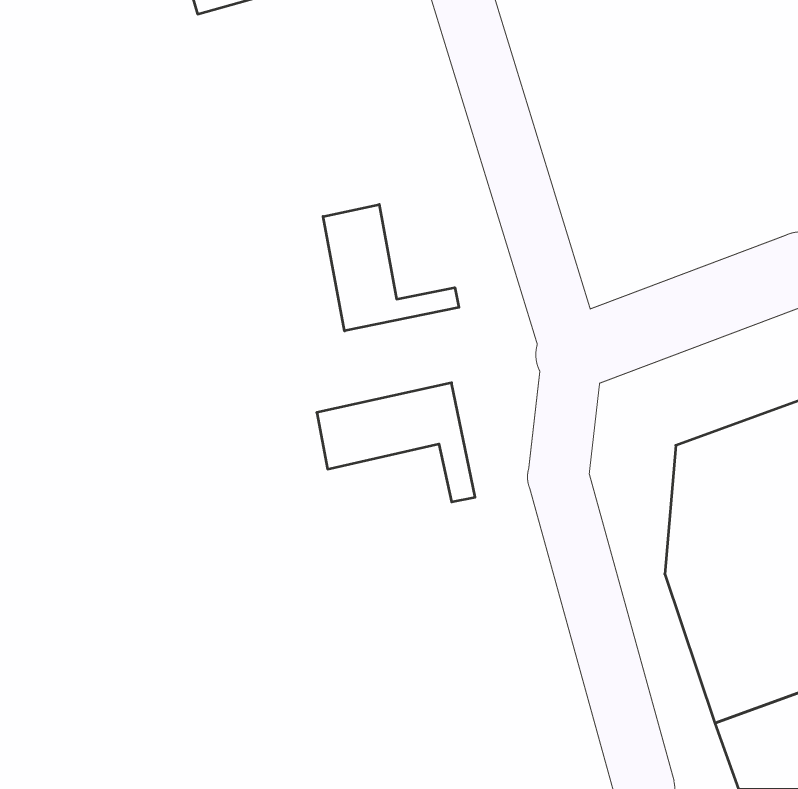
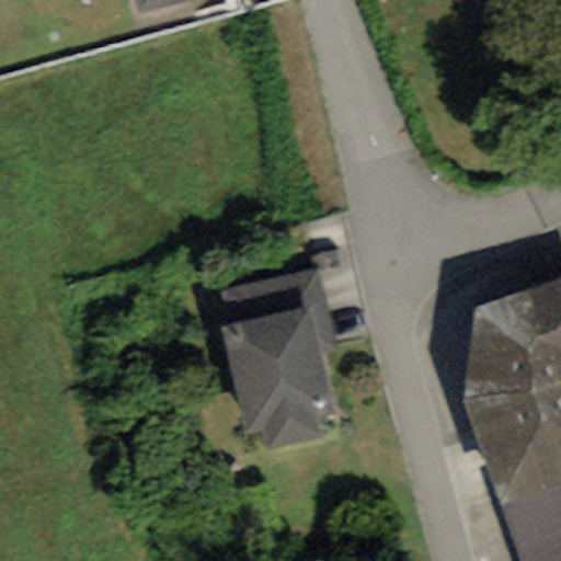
building: [323,204,459,331] -> none
building: none -> [224,310,331,444]

